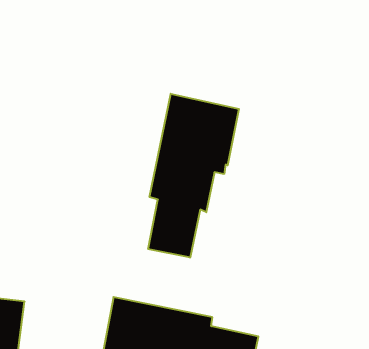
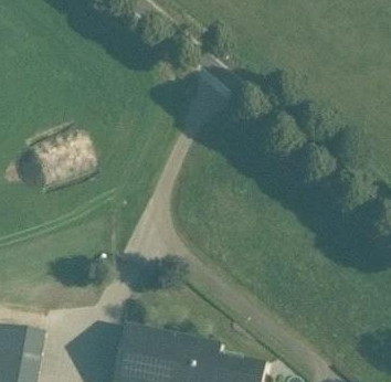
building: [148,94,239,258] -> none

